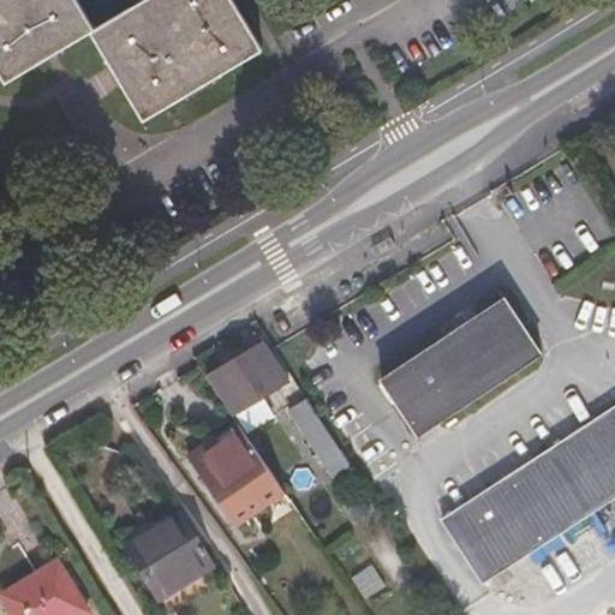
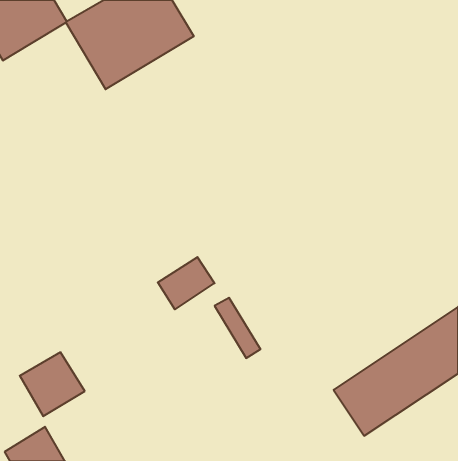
building: [384,298,543,435] -> none
building: [189,423,282,524] -> none
building: [127,515,214,601] -> [20,352,85,416]

